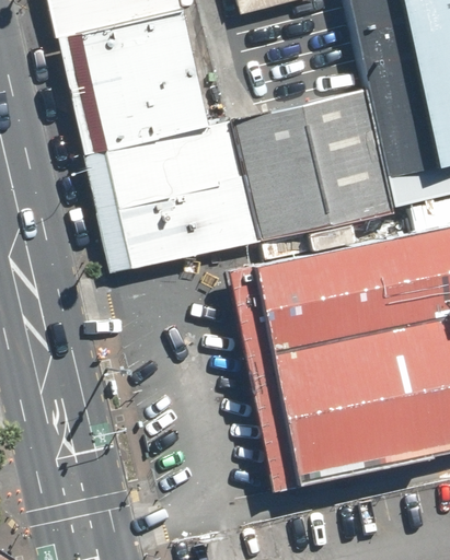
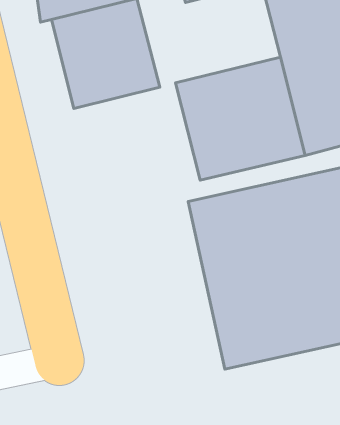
building: [96,118,258,268] -> none

